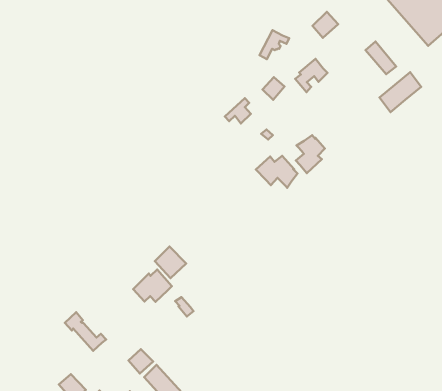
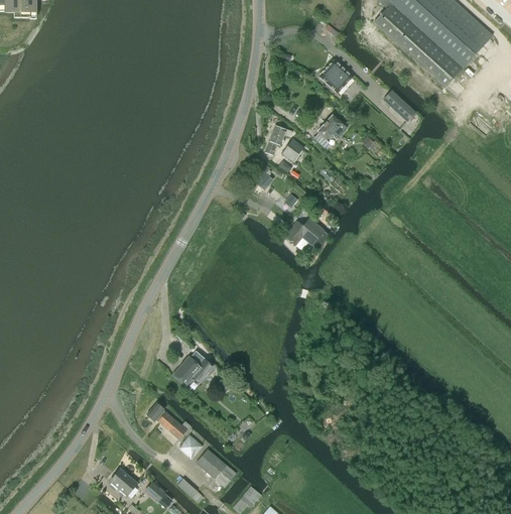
building: [260,30,289,59] -> [264,124,292,154]
building: [380,72,421,112] -> none
building: [296,135,325,173] -> none
building: [155,247,186,278] -> none
building: [65,312,106,351] -> [146,401,190,438]

